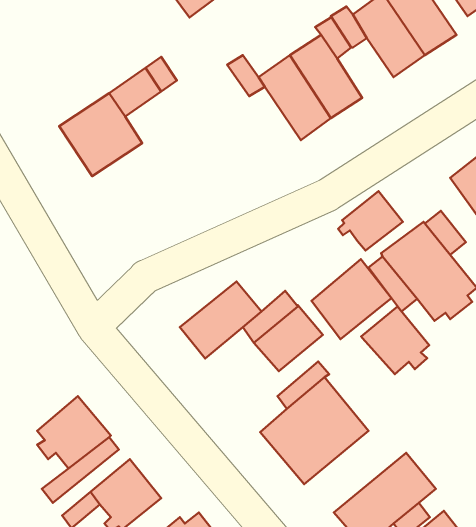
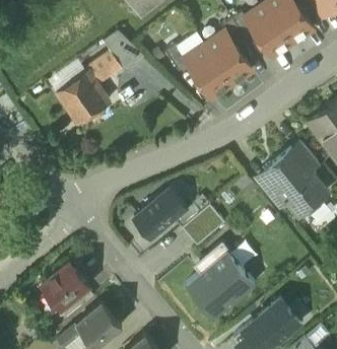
building: [338,191,403,250] -> none
building: [311,259,391,339] -> none
building: [361,307,429,374] -> none

